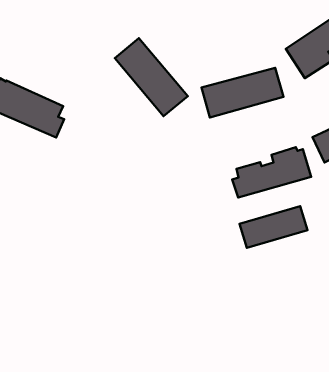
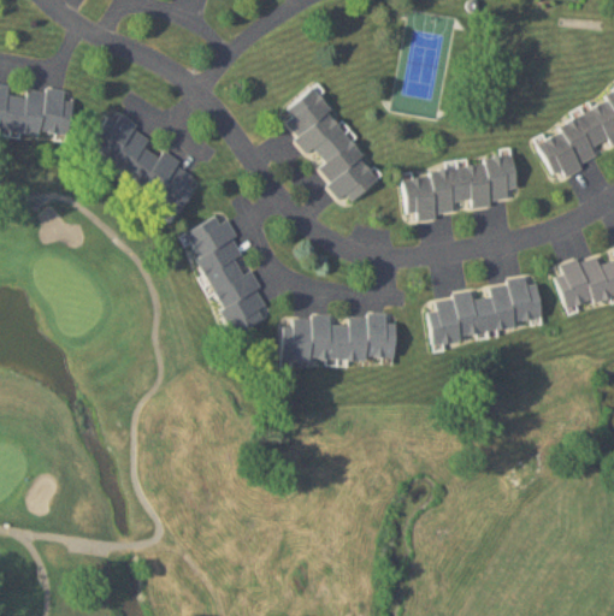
building: none -> [187,218,270,334]
building: none -> [283,316,396,360]
building: [240,206,308,248] -> none

